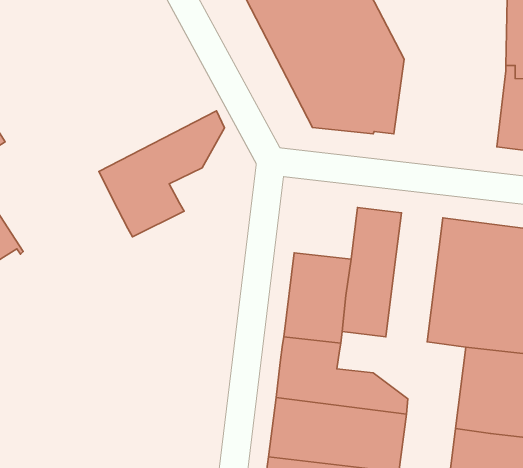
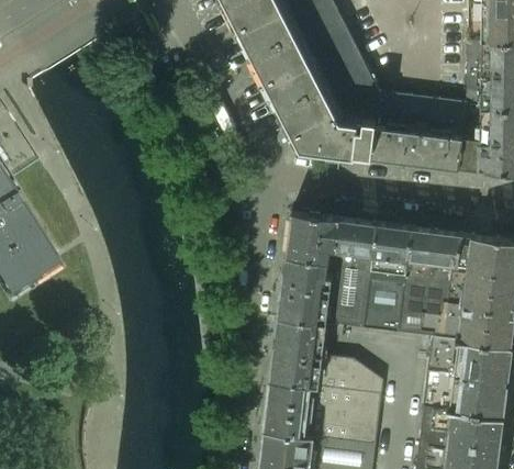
building: none -> [370,94,466,170]
building: [99,111,224,237] -> none
building: none -> [286,215,339,265]
building: none -> [364,225,412,335]

